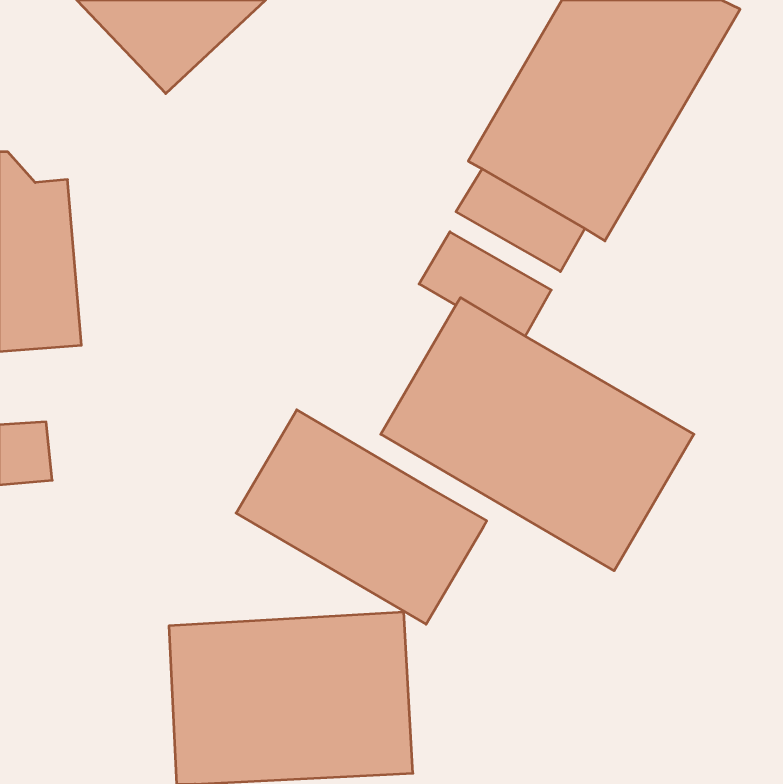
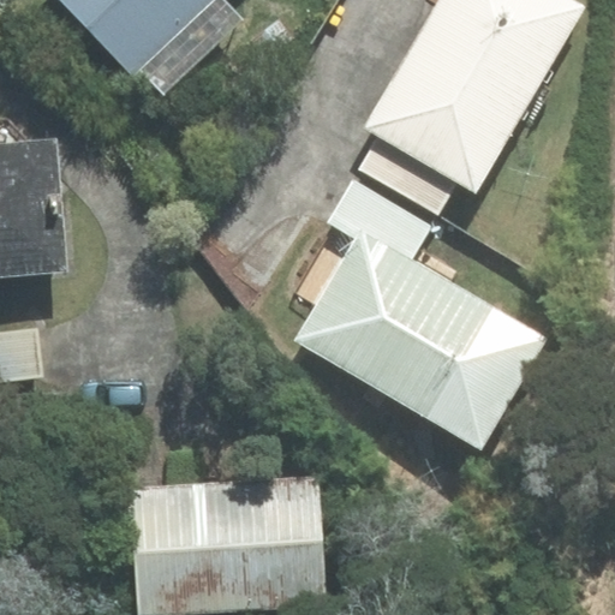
building: [236,410,487,624] -> none

